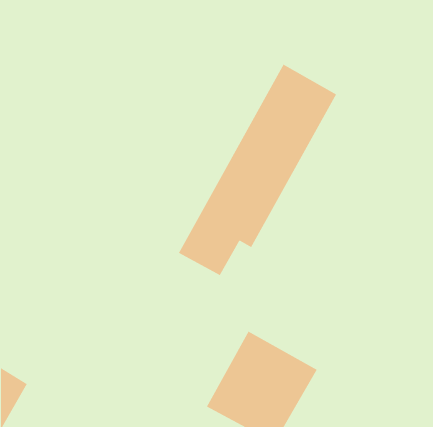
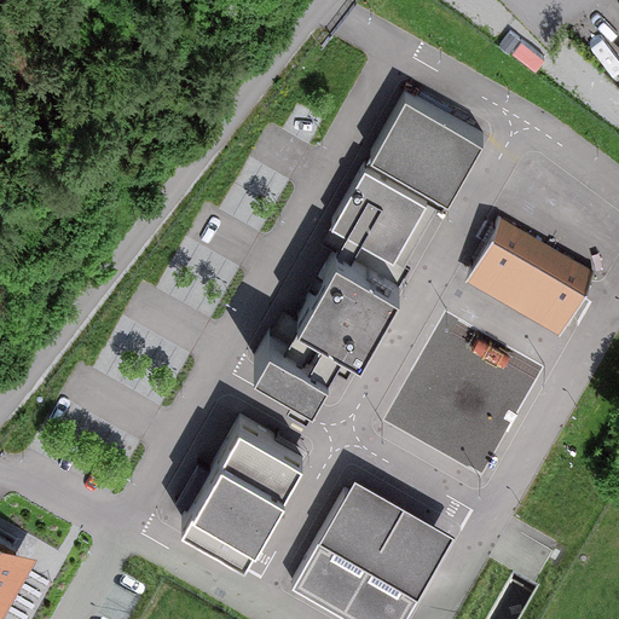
building: none -> [459,221,598,337]
building: none -> [184,423,303,560]

